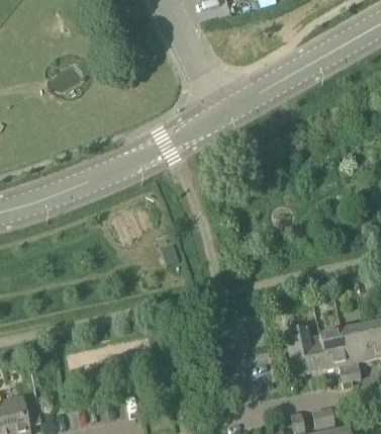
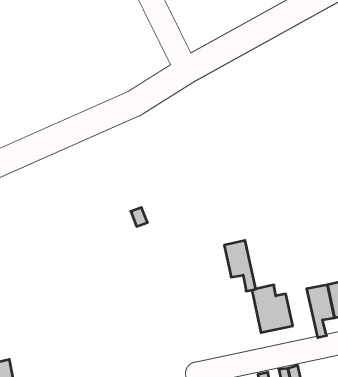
building: [320,331,353,382] -> [224,240,256,291]

